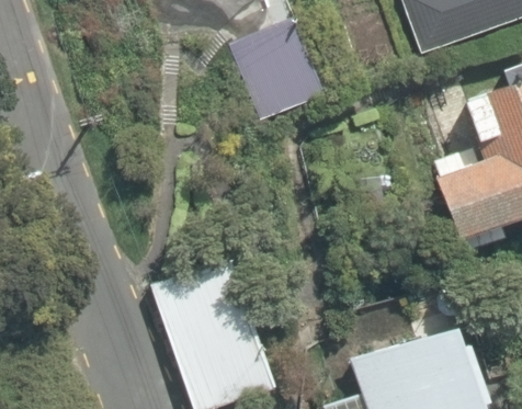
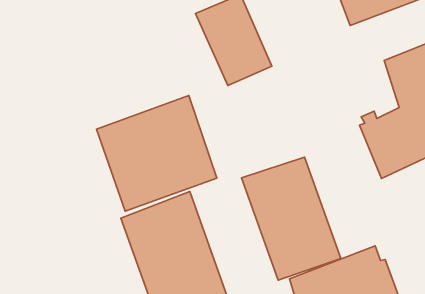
building: none -> [96,96,217,211]
building: none -> [241,157,341,280]

